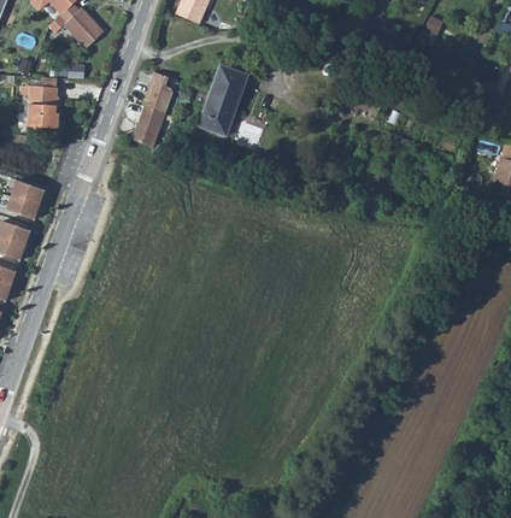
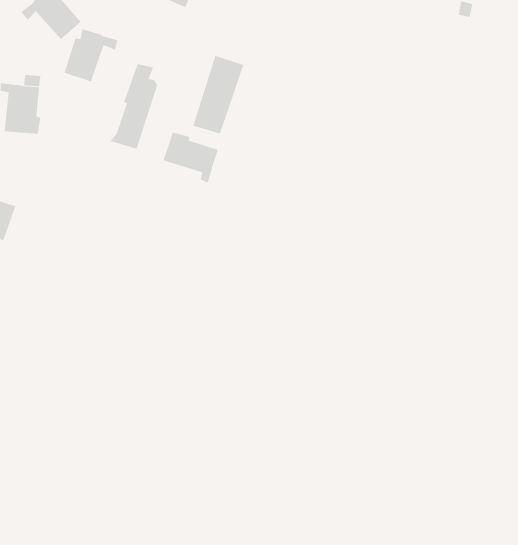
building: none -> [64,28,118,82]
building: none -> [163,132,218,183]

